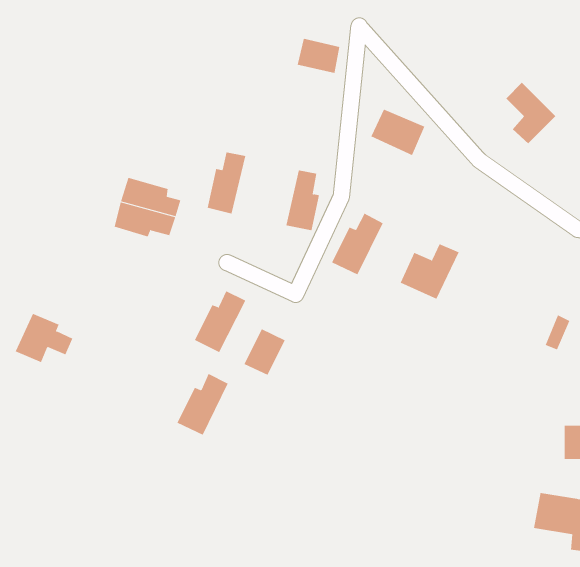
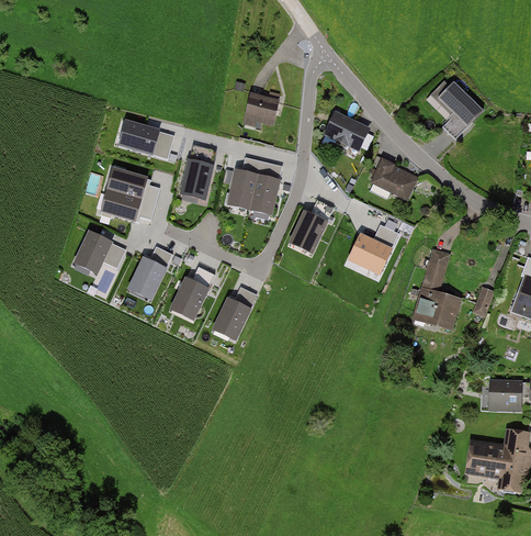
building: [297,38,340,74] -> [241,93,279,124]
building: none -> [117,122,172,158]
building: none -> [228,158,260,210]
building: none -> [369,159,418,202]
building: none -> [413,250,463,332]
building: [15,313,73,363] -> [74,232,124,275]
building: [177,373,229,435] -> [128,246,173,300]

